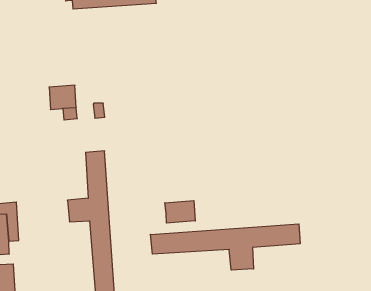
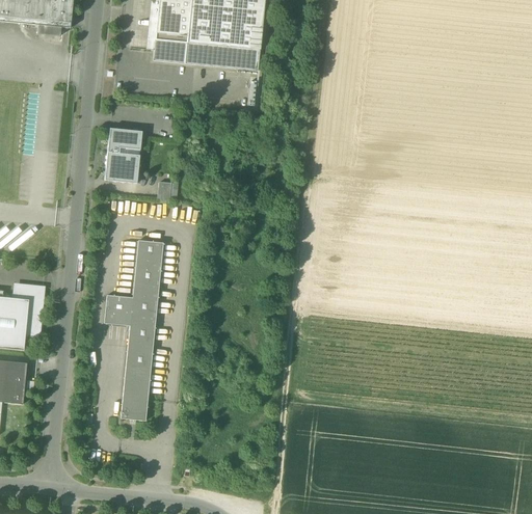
building: none -> [107,128,141,155]
building: [165,201,195,223] -> none
building: [150,224,300,270] -> none

